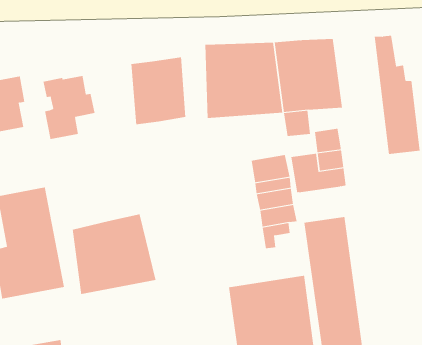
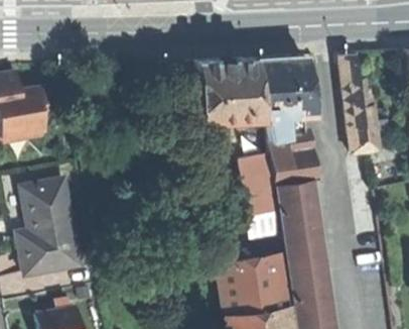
building: [131,57,186,125] -> none
building: [43,75,95,140] -> none
building: none -> [278,182,317,212]
building: [72,213,156,295] -> none

